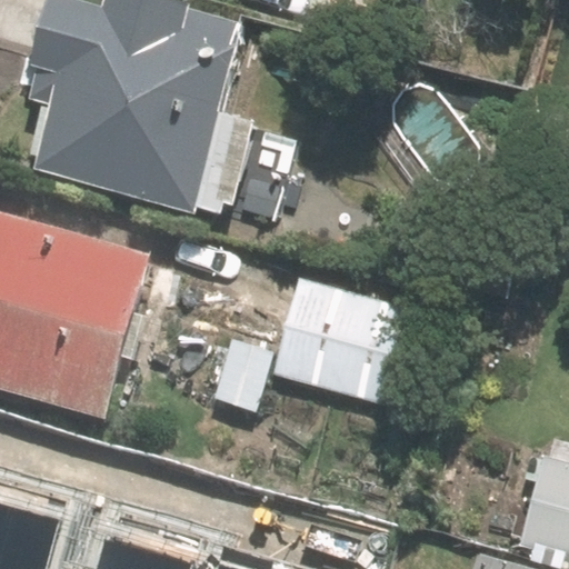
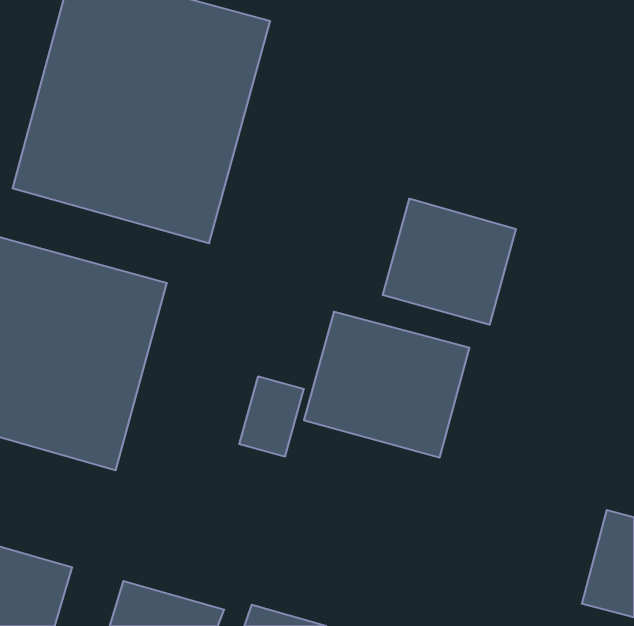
building: none -> [383,199,516,325]

